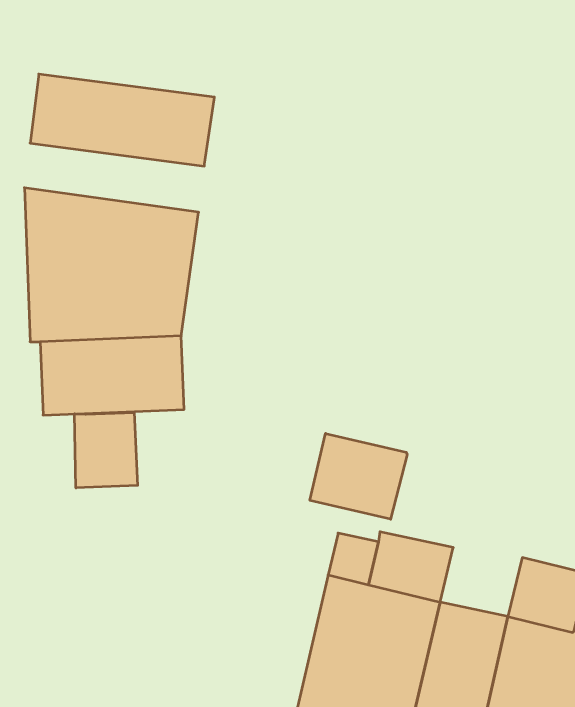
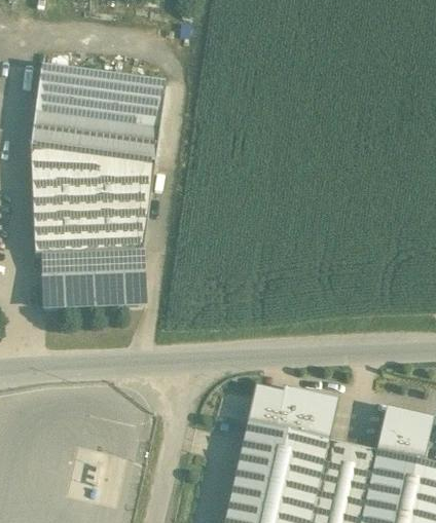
building: none -> [30,113,158,162]
building: [75,412,138,488] -> none
building: [310,433,407,519] -> none

